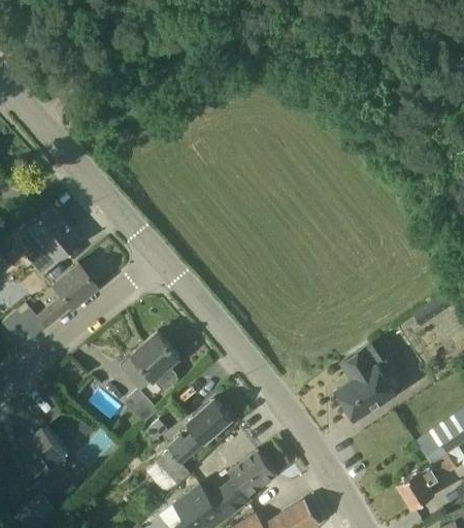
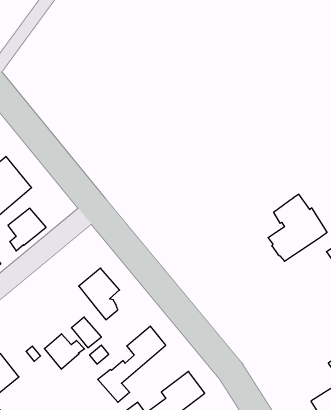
building: [336,343,403,420] -> [268,194,327,261]
building: none -> [44,334,85,369]

